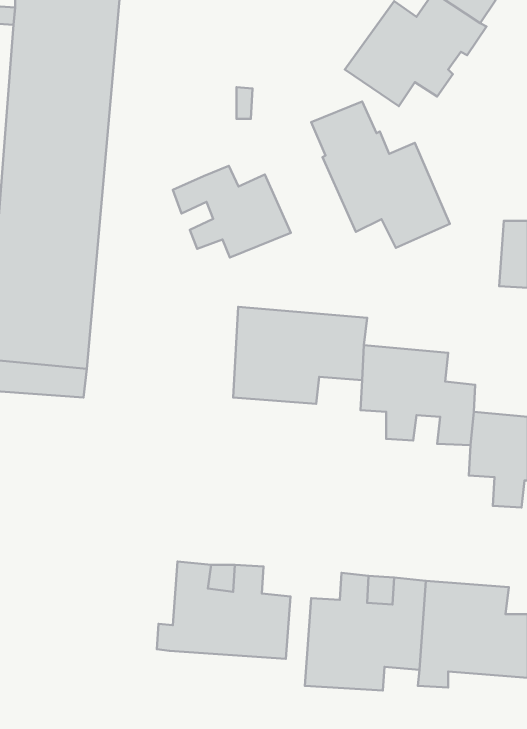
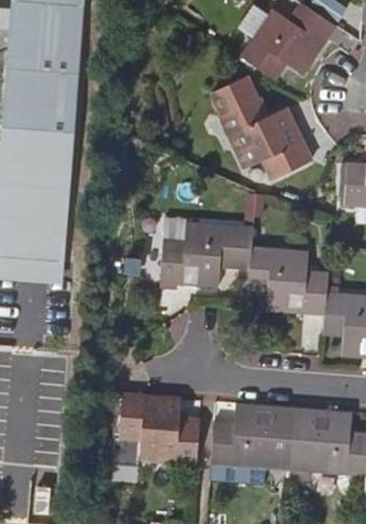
building: [173,166,291,257] -> none

